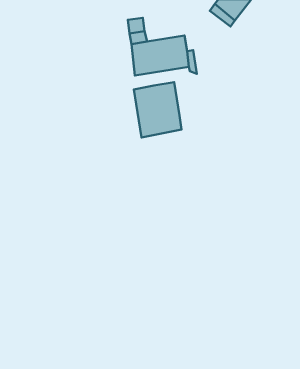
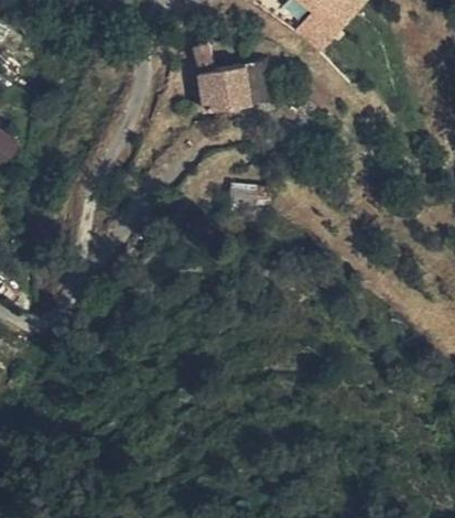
building: [134,82,182,137] -> none

